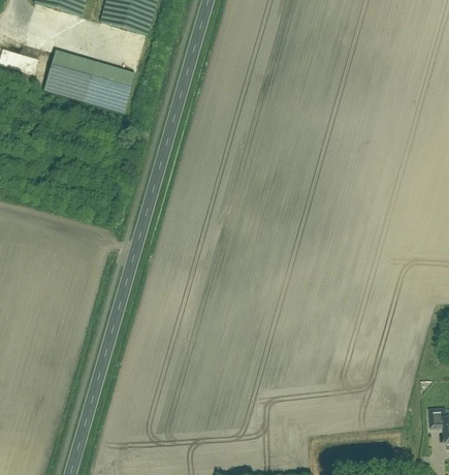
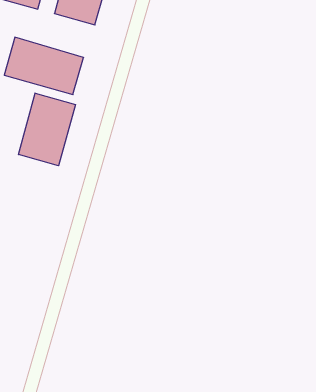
building: none -> [19,93,76,166]

